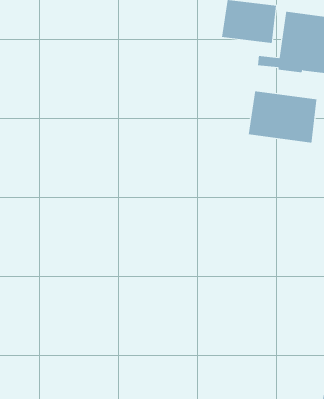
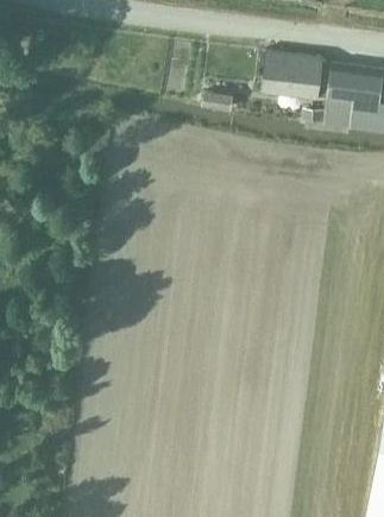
building: [248,90,317,144] -> none

